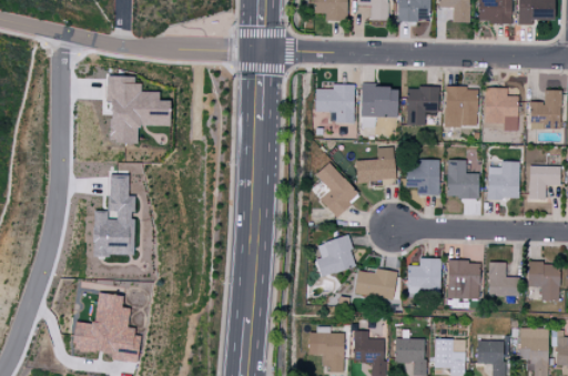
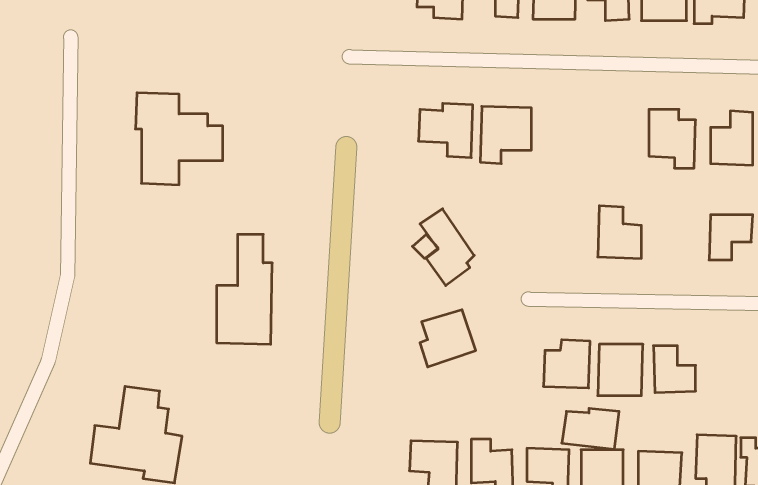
building: [406,88,439,125] -> none
building: [445,88,478,126] -> none
building: [356,148,396,186] -> none
building: [407,160,439,196] -> none
building: [487,162,519,200] -> none
building: [94,175,135,256] -> [217,234,272,344]
building: [528,263,560,302] -> none
building: [355,270,397,299] -> [562,408,619,449]

